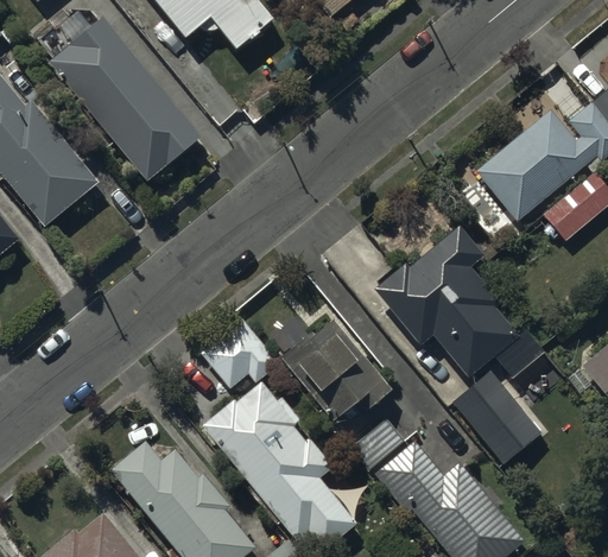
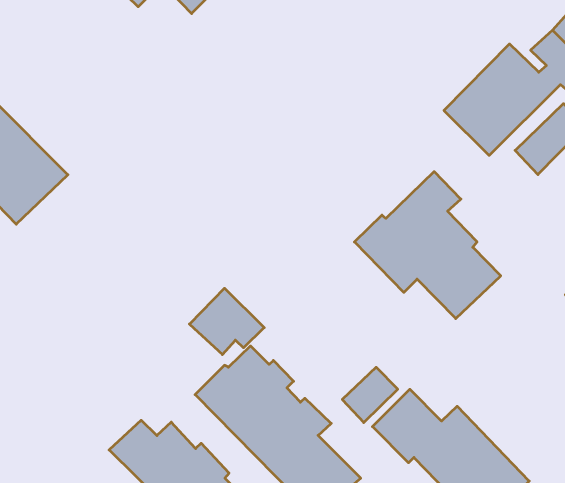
building: [48,31,201,192] -> none
building: [283,316,394,422] -> none
building: [451,372,540,464] -> none

